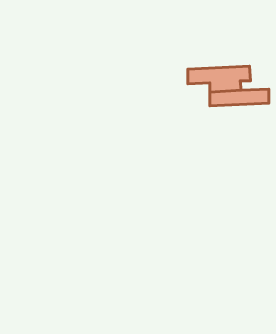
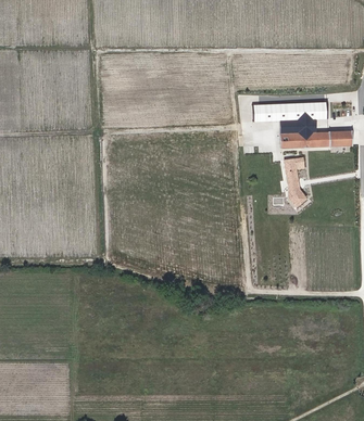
building: none -> [281,152,303,207]

